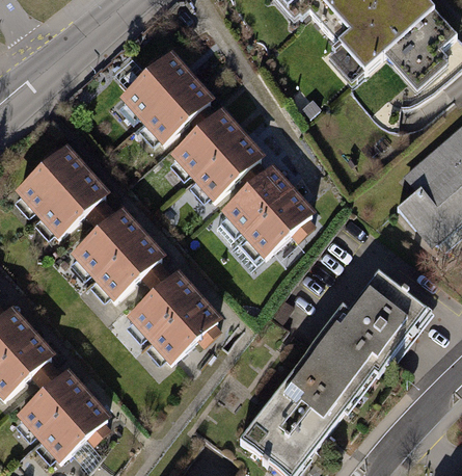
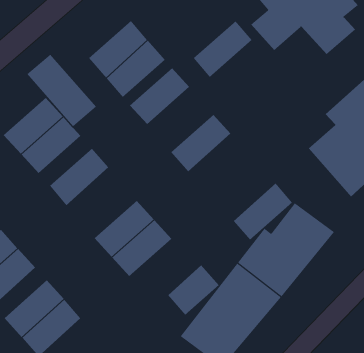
building: none -> [26,54,97,127]
building: [192,132,266,203] -> [193,20,253,78]
building: [243,189,317,261] -> [233,182,293,241]
building: [92,231,167,302] -> none
building: none -> [167,265,220,316]

